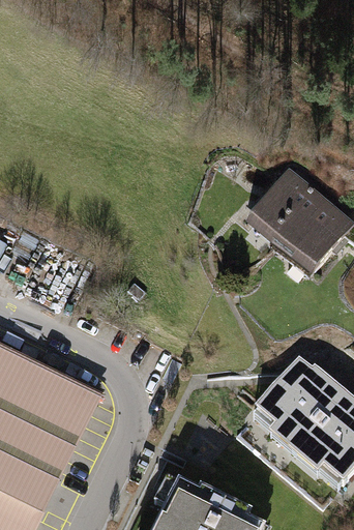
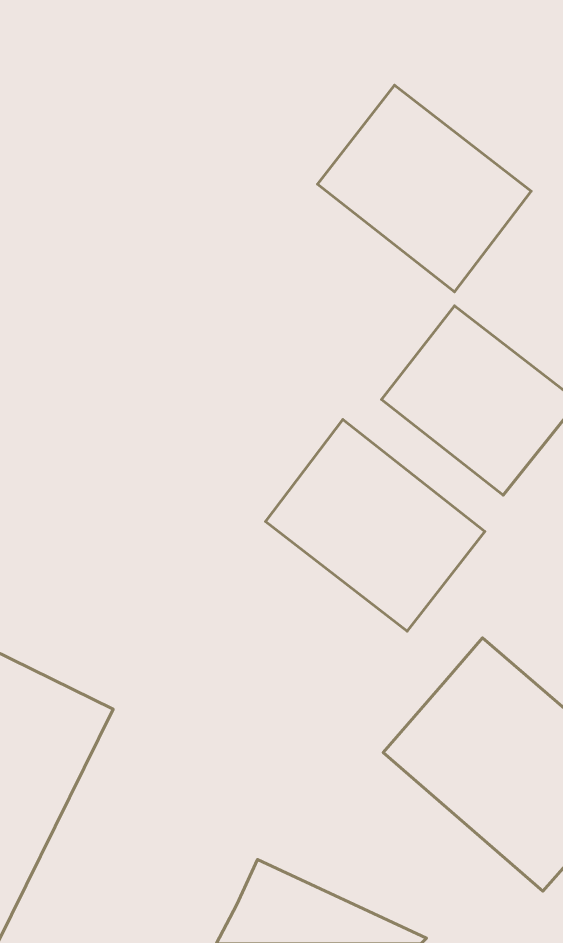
building: none -> [318,85,531,292]
building: none -> [266,420,485,631]

